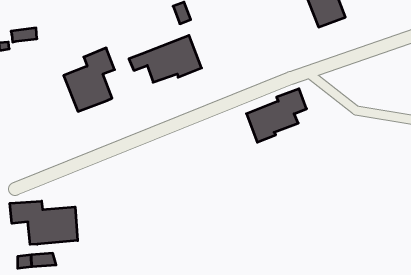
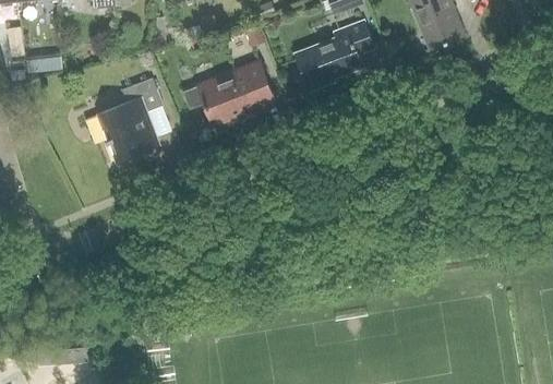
building: [246,89,307,142] -> [294,21,373,91]
building: [10,201,78,244] -> none

